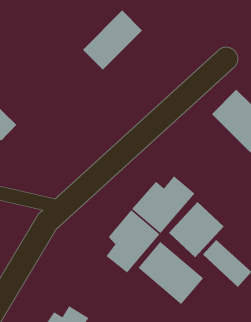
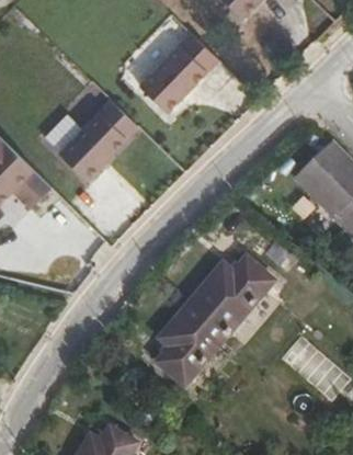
building: none -> [50,103,129,182]
building: [168,201,225,258] -> none
building: [137,241,204,305] -> none

